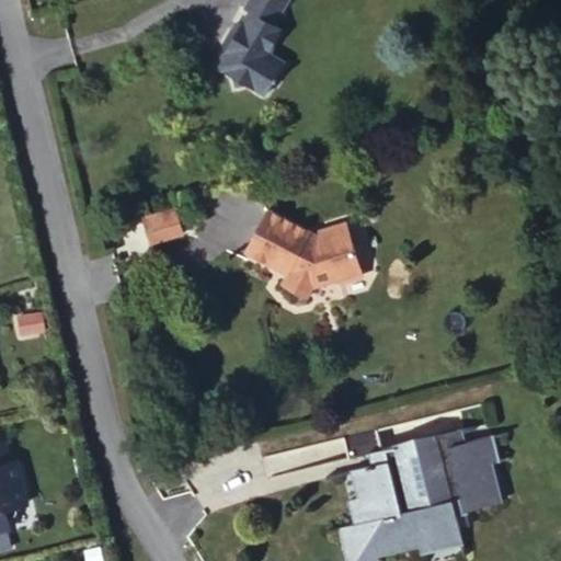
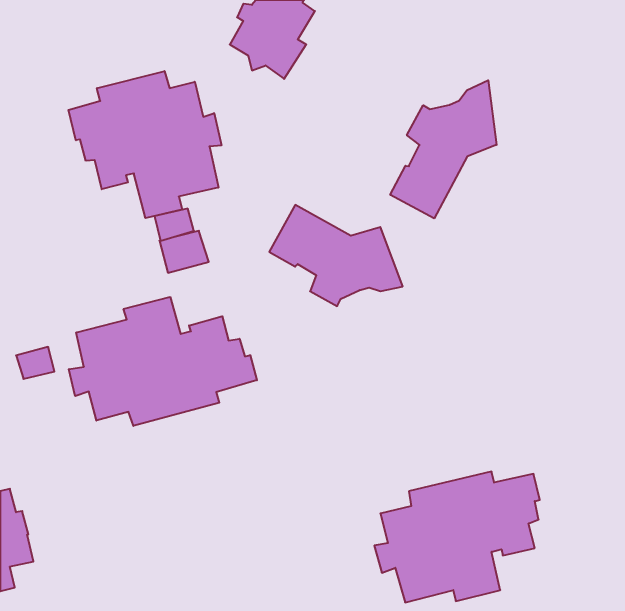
building: none -> [68,71,221,218]
building: none -> [390,80,497,218]
building: none -> [69,297,257,426]

